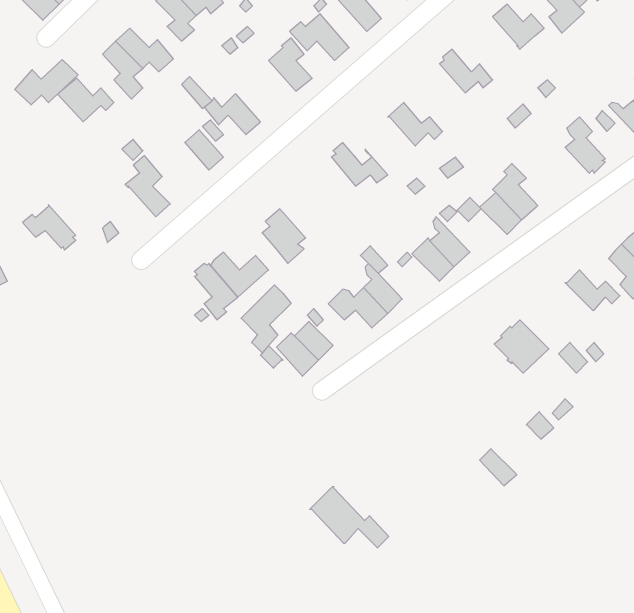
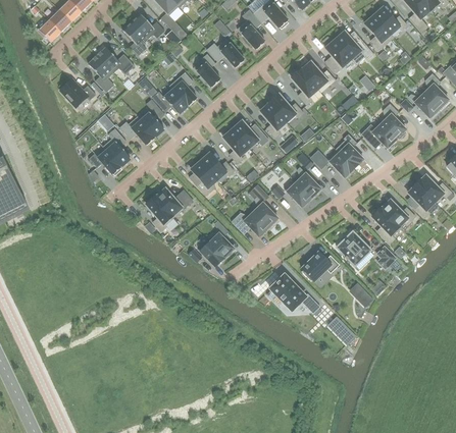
building: none -> [324,40,351,73]
building: [15,60,78,105] -> none
building: none -> [291,69,317,104]
building: none -> [168,71,197,106]
building: none -> [260,103,286,138]
building: none -> [119,115,155,145]
building: none -> [360,121,396,148]
building: none -> [223,128,248,163]
building: none -> [200,153,234,179]
building: [23,205,76,250] -> [88,147,121,175]
building: none -> [371,207,400,243]
building: [241,285,291,353] -> none
building: none -> [301,252,339,281]
building: [310,487,389,548] -> [269,274,319,313]

